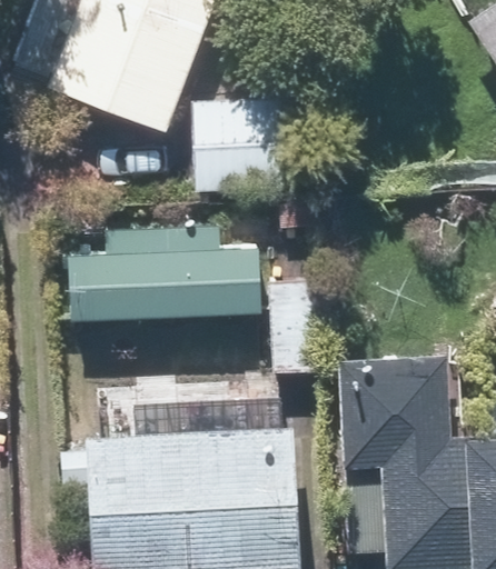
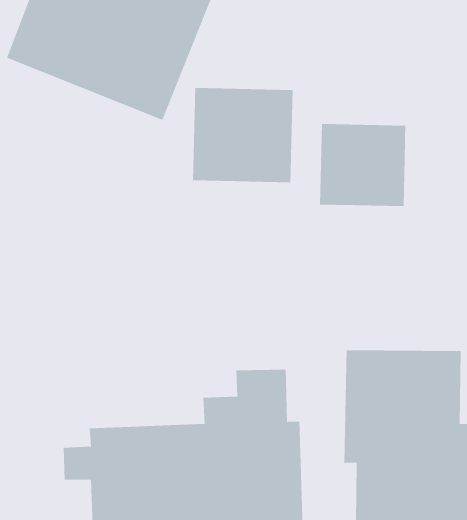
building: none -> [320,123,406,207]
building: [69,221,261,318] -> none

